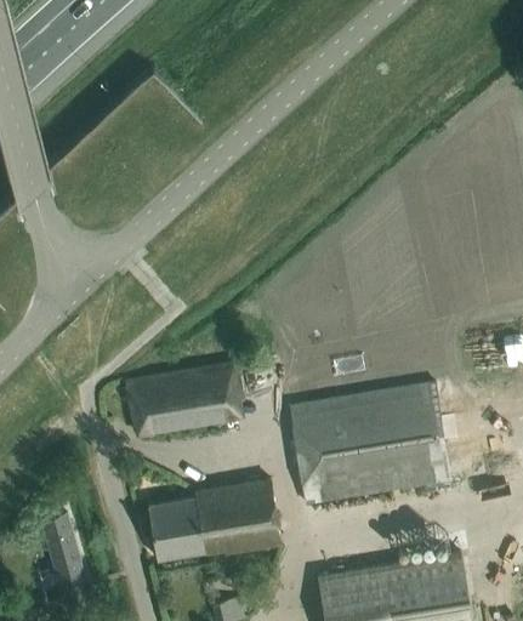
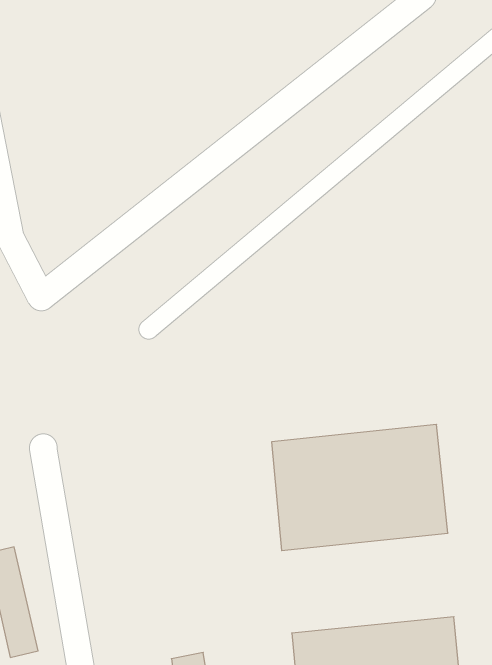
building: [125,364,245,435] -> none
building: [147,480,280,560] -> none

